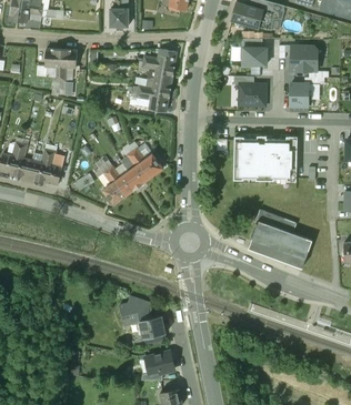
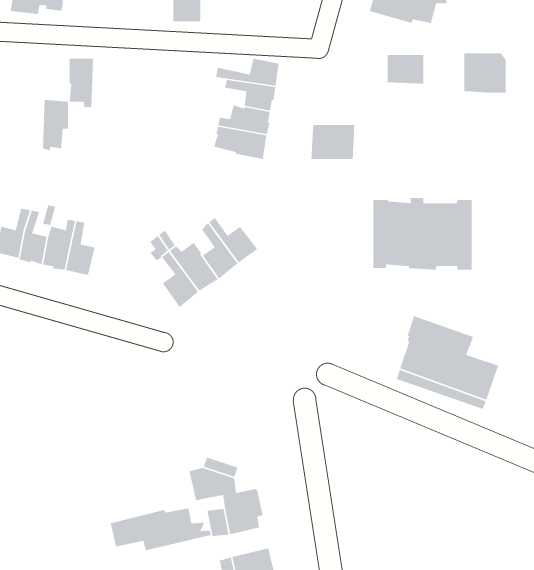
building: [59,49,76,81] -> [42,99,69,151]
building: [238,83,265,105] -> [311,124,355,160]
building: [289,83,310,107] -> none
building: none -> [110,508,211,551]

